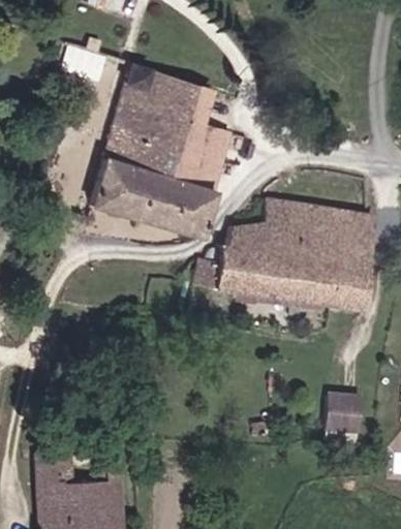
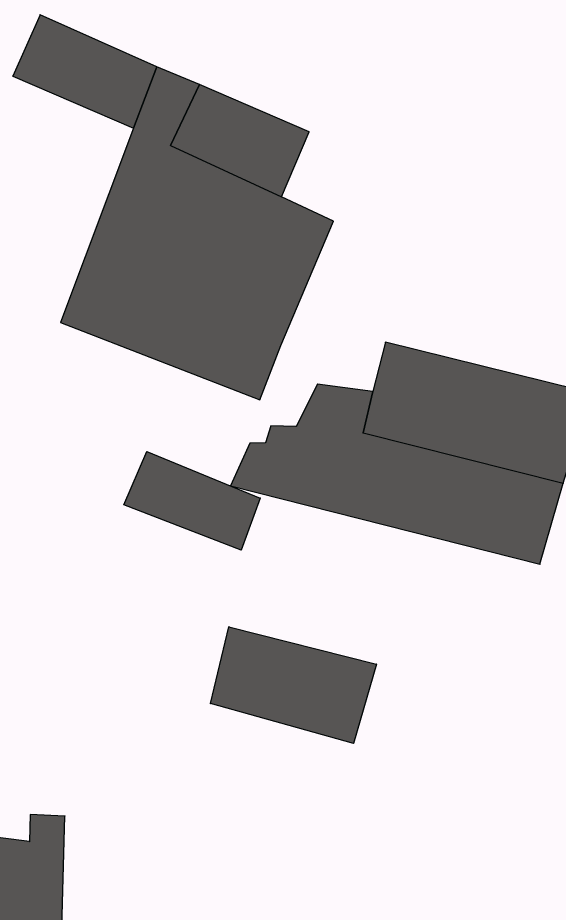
building: none -> [124,452,260,550]
building: none -> [210,627,376,743]
building: [322,396,360,436] -> none

